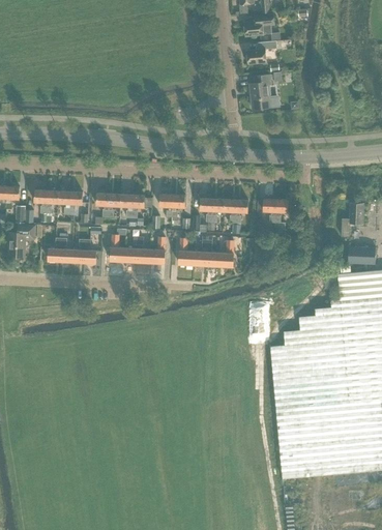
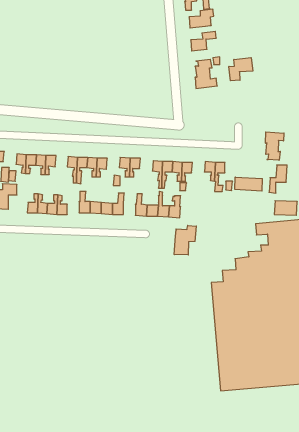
building: none -> [229,58,253,81]
building: none -> [266,132,284,160]
building: none -> [235,177,262,191]
building: none -> [174,225,196,255]

